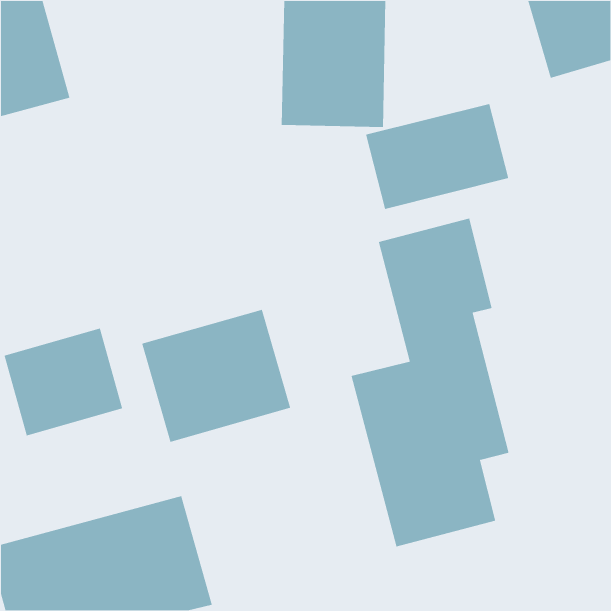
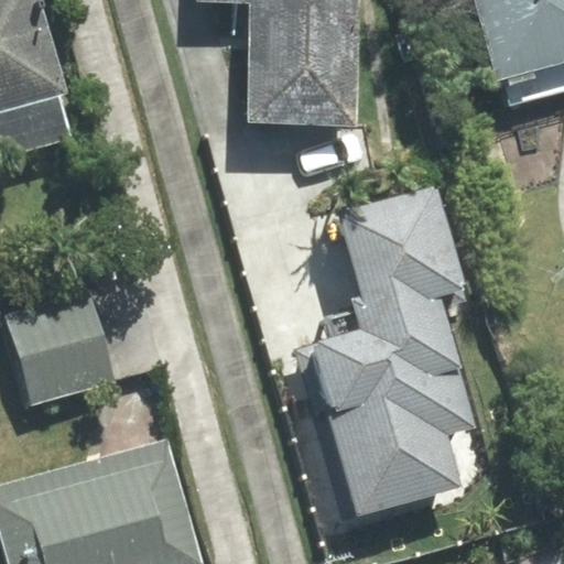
building: [365,103,509,210] -> none
building: [141,309,291,443] -> none

